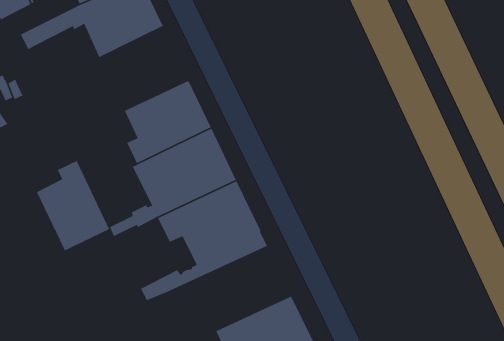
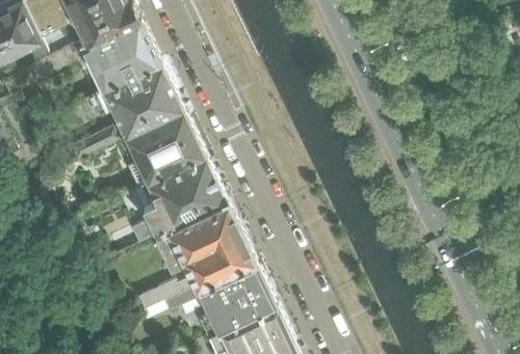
building: none -> [69,58,182,159]
building: [36,160,110,251] -> none
building: none -> [161,258,276,335]

